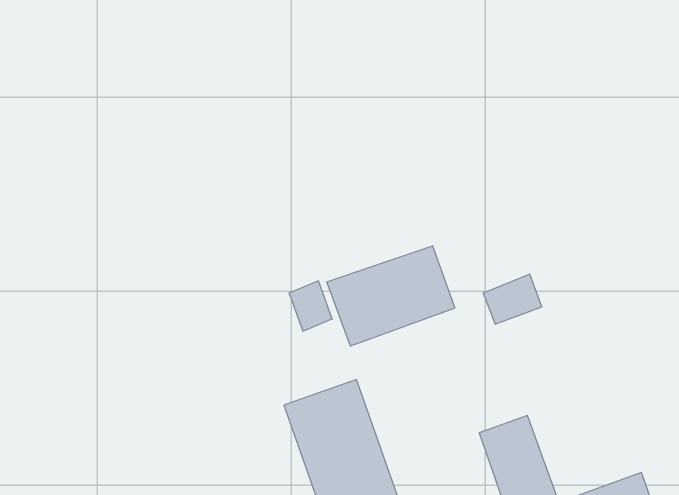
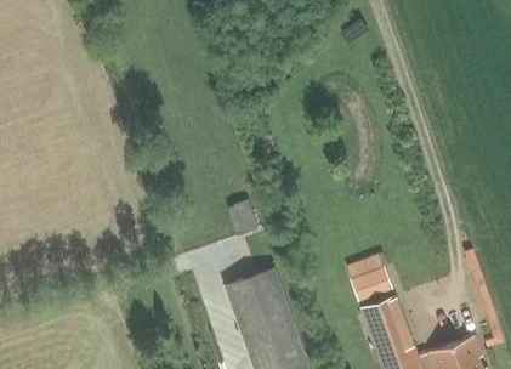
building: [327,246,455,346] -> none
building: [483,274,542,324] -> [351,267,392,302]

